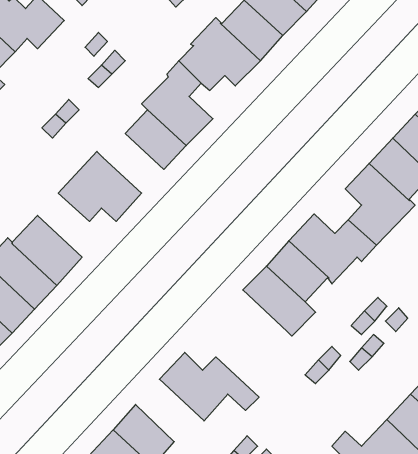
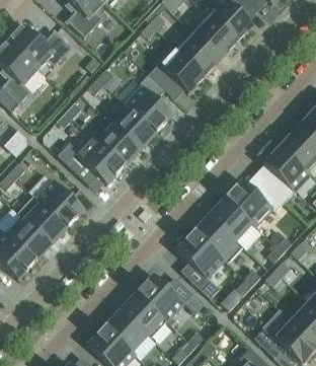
building: none -> [98,125,140,165]
building: none -> [176,231,224,298]
building: none -> [121,292,167,338]

